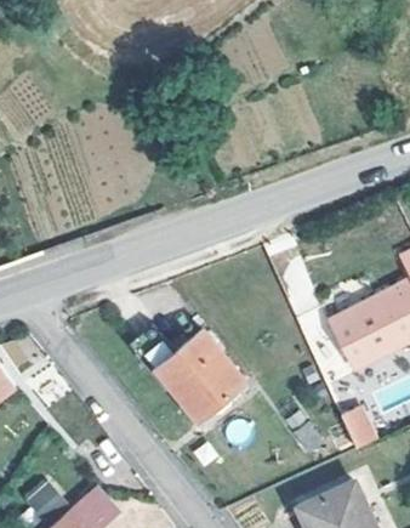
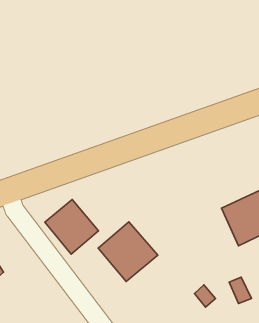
building: none -> [45,200,98,254]

